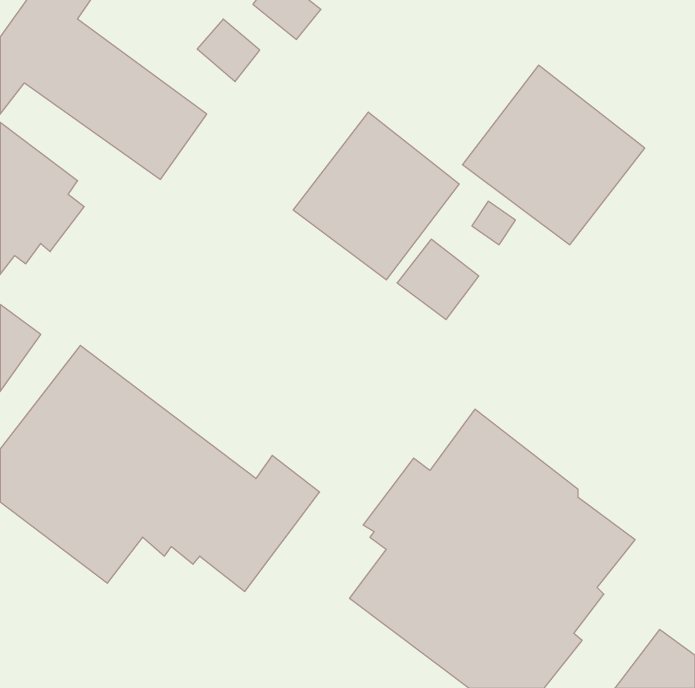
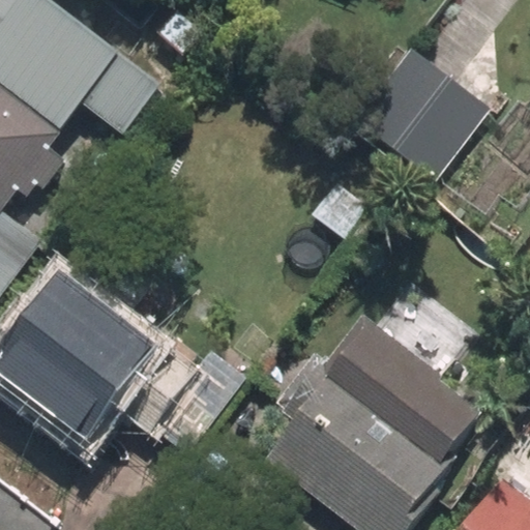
building: [293,112,459,280] -> none

